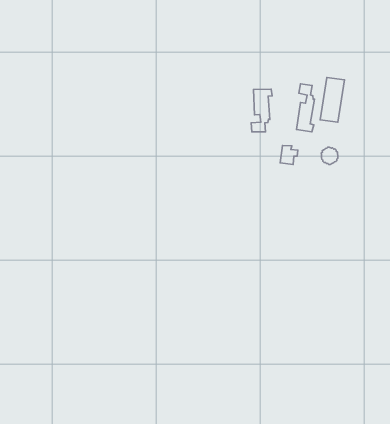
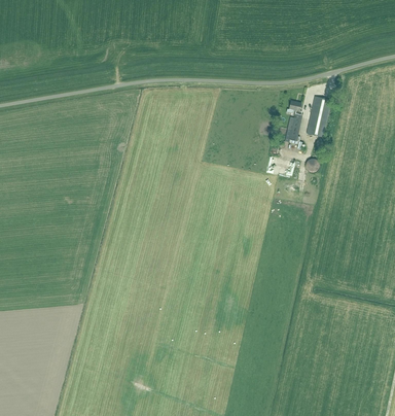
building: [251,89,272,132] -> none

